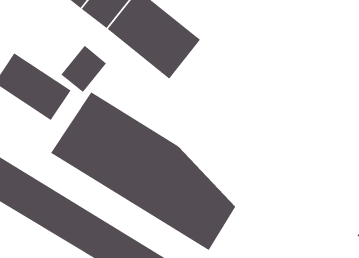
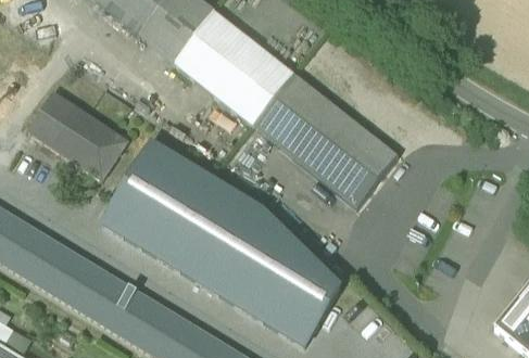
building: none -> [254,76,398,208]
building: [61,45,107,93] -> none

